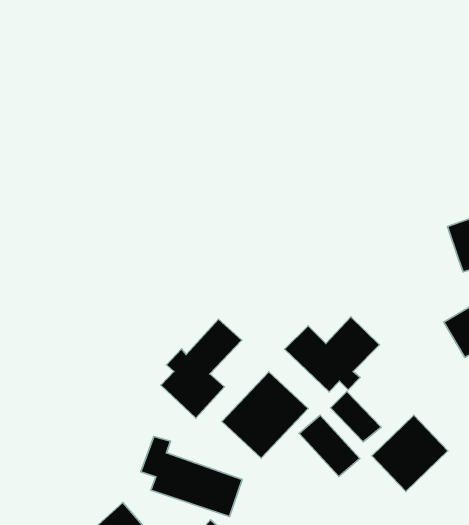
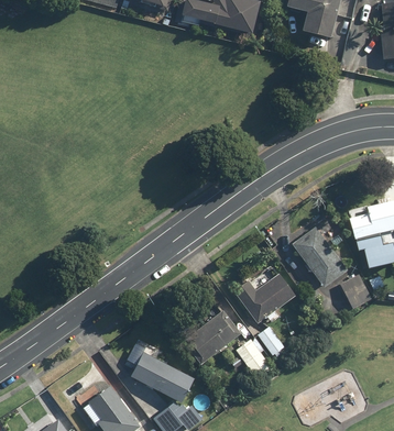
building: none -> [292,224,347,285]
building: [161,319,242,418] -> none
building: [372,415,448,491] -> none

